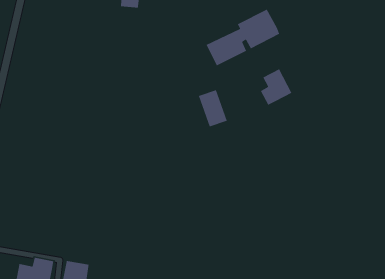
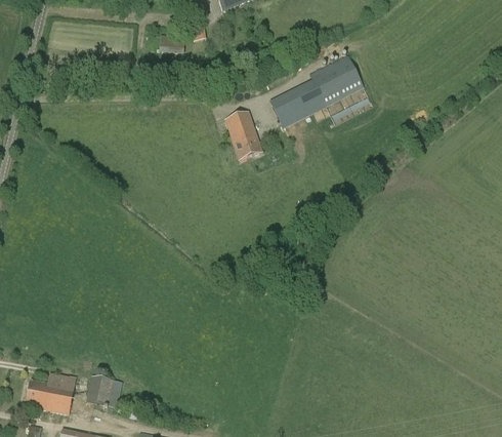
building: [260,68,292,106] -> none
building: [198,89,228,128] -> [224,110,262,159]

